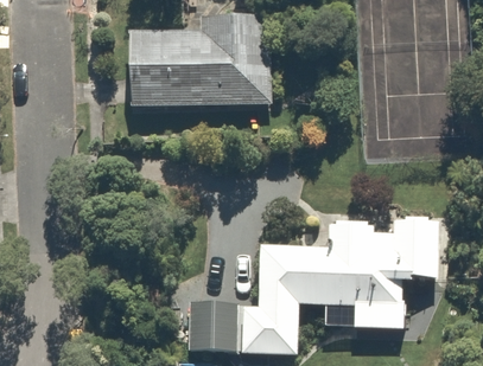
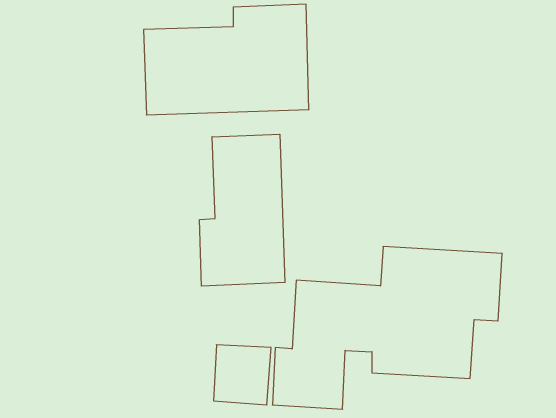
building: none -> [200,134,285,286]

